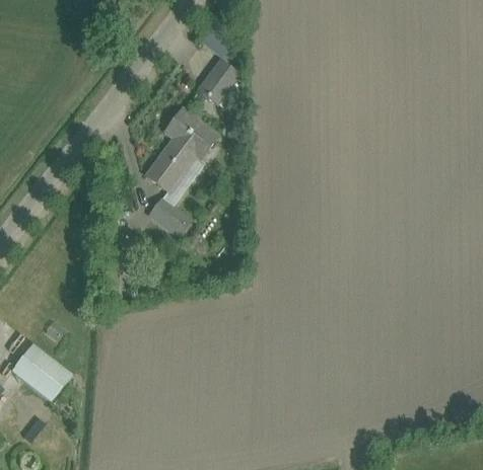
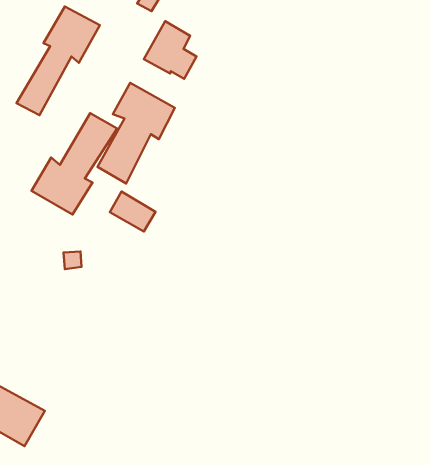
building: none -> [17,6,100,115]
building: none -> [31,113,117,214]

